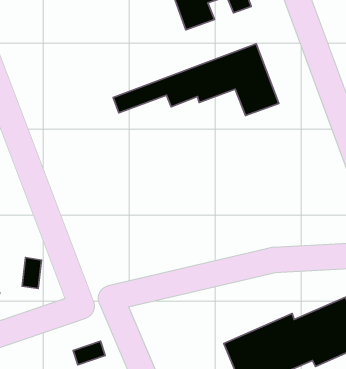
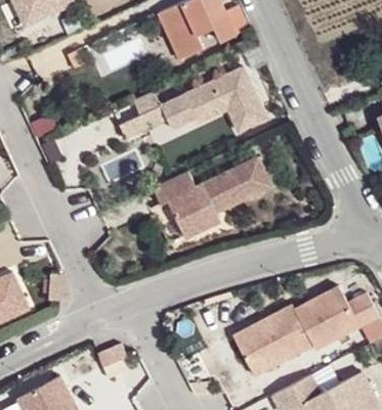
building: none -> [152,158,270,238]

